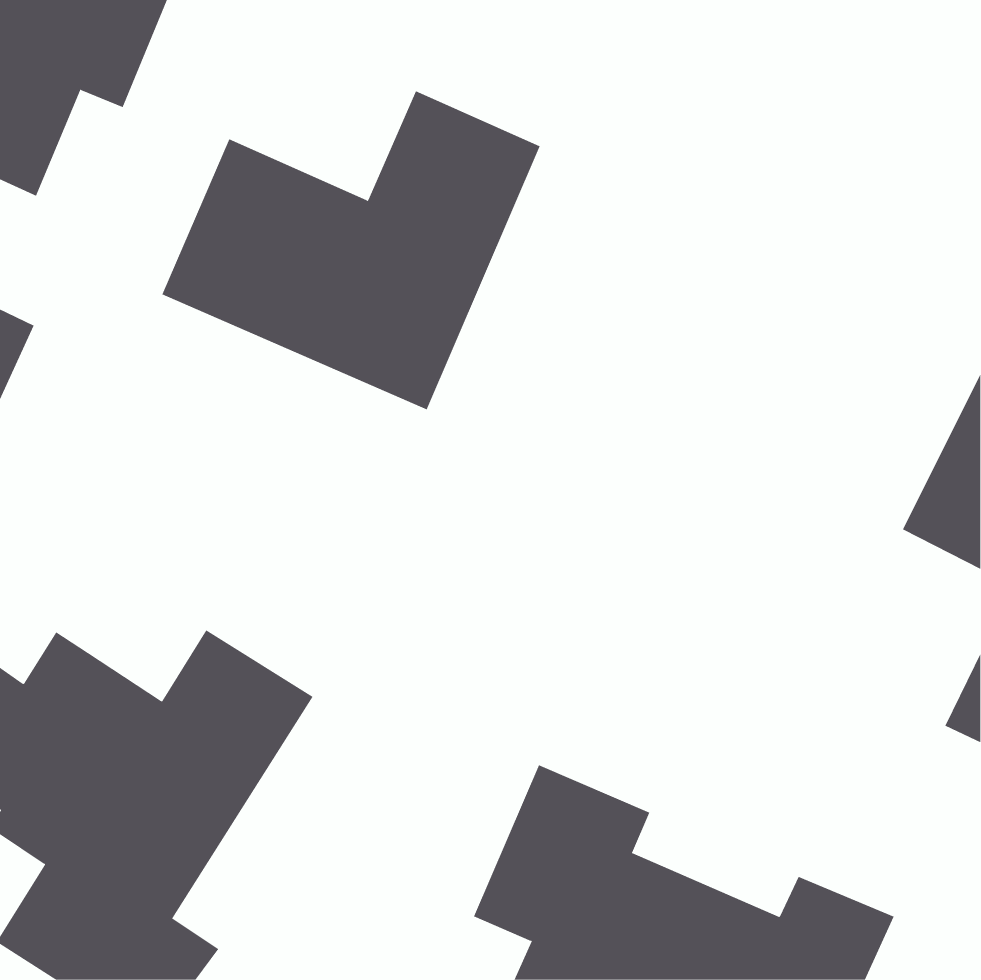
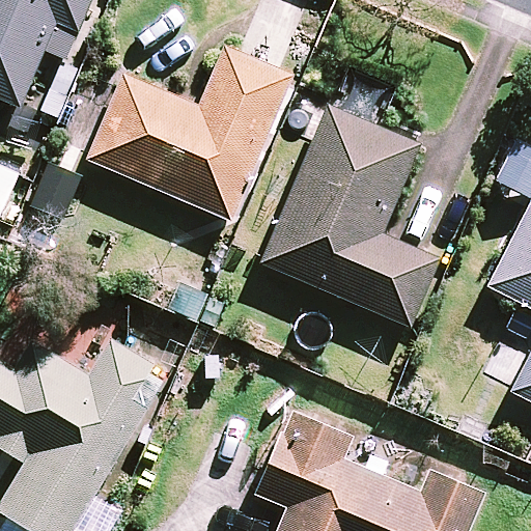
building: none -> [261,107,440,327]

